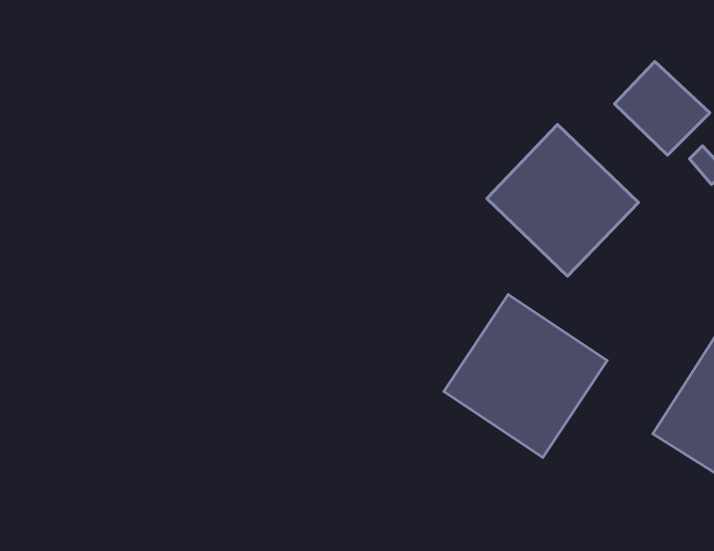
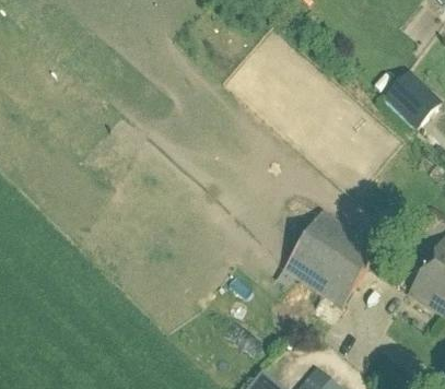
building: [487,125,638,276] -> none

